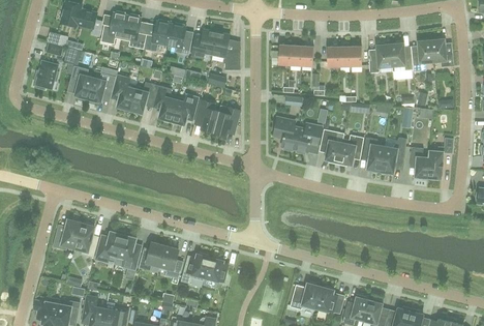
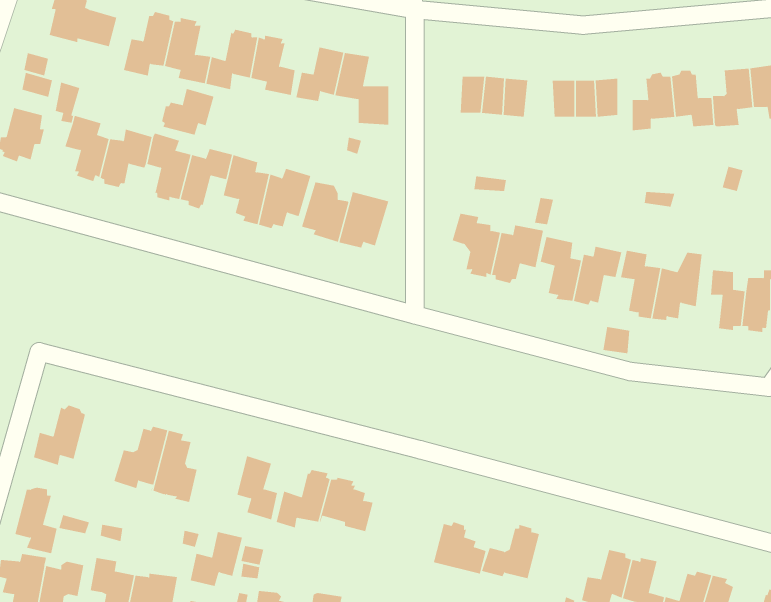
building: none -> [161,88,214,136]
building: [73,223,96,258] -> [15,487,58,554]
building: [137,242,164,271] -> [190,532,243,586]
building: [313,286,342,314] -> [432,521,486,574]

